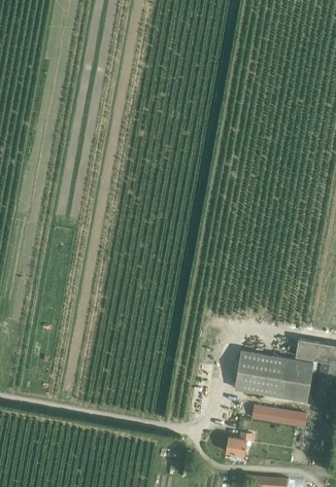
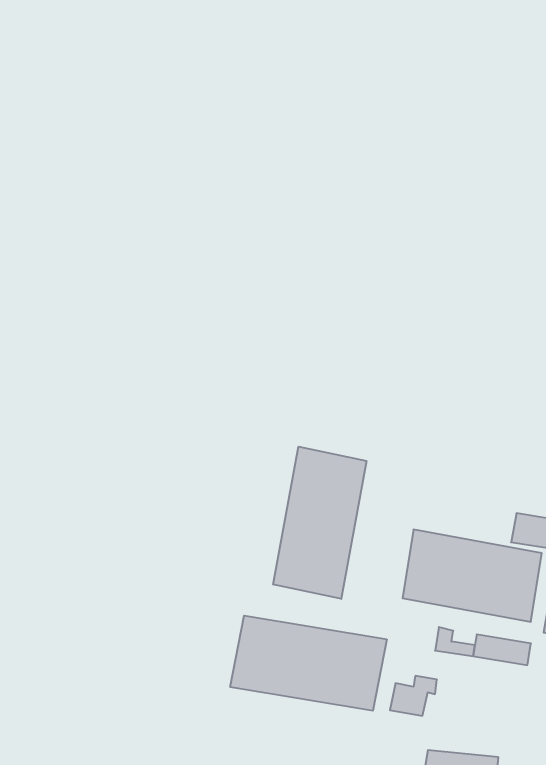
building: none -> [273,447,366,599]
building: none -> [230,616,387,711]

